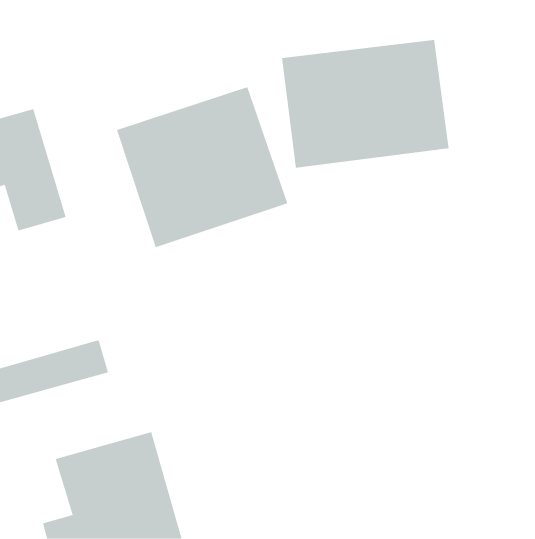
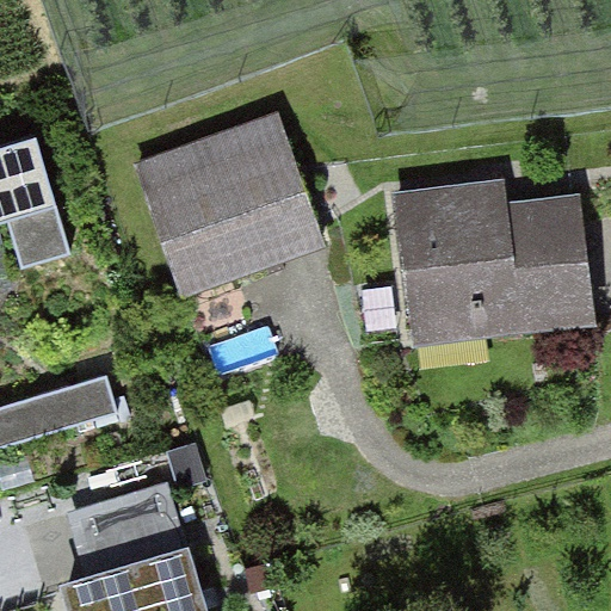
building: [282,39,449,168] -> none
building: none -> [384,187,584,359]

